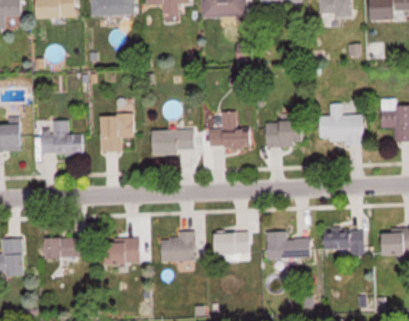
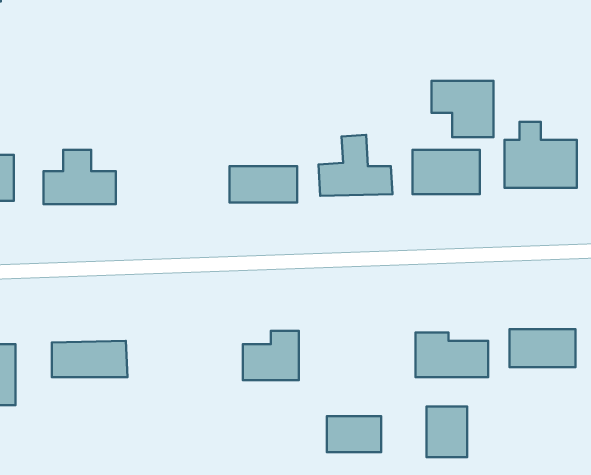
building: none -> [432,81,494,137]
building: [100,114,133,151] -> none
building: [216,232,249,254] -> [327,416,381,452]
building: [104,237,140,264] -> none
building: none -> [427,406,467,457]

